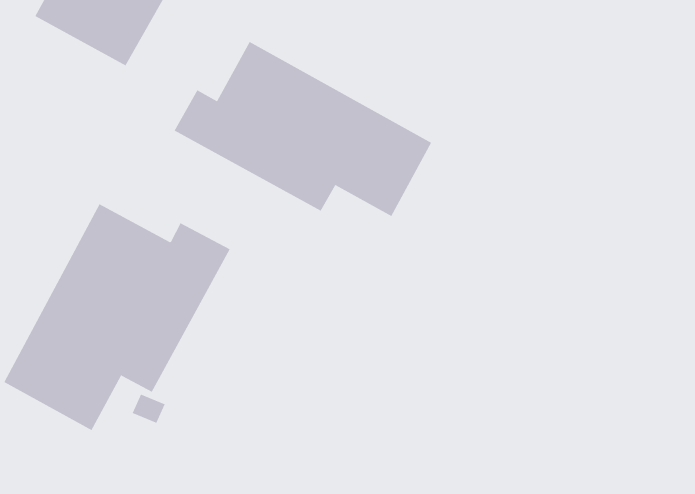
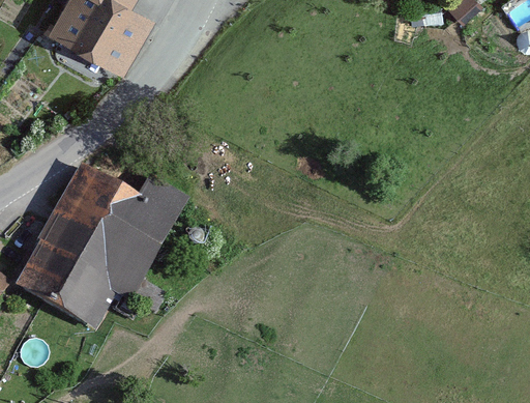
building: [174,41,432,217] -> none

